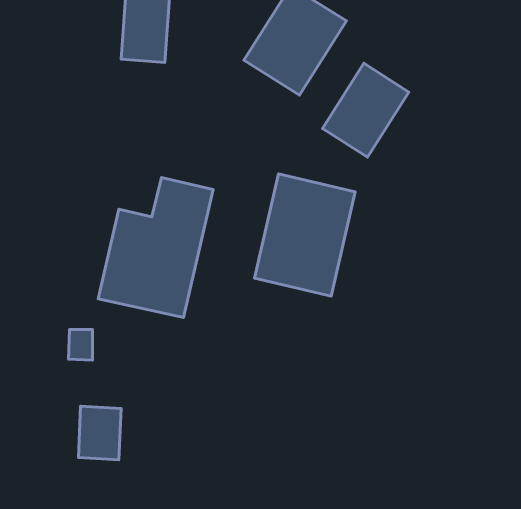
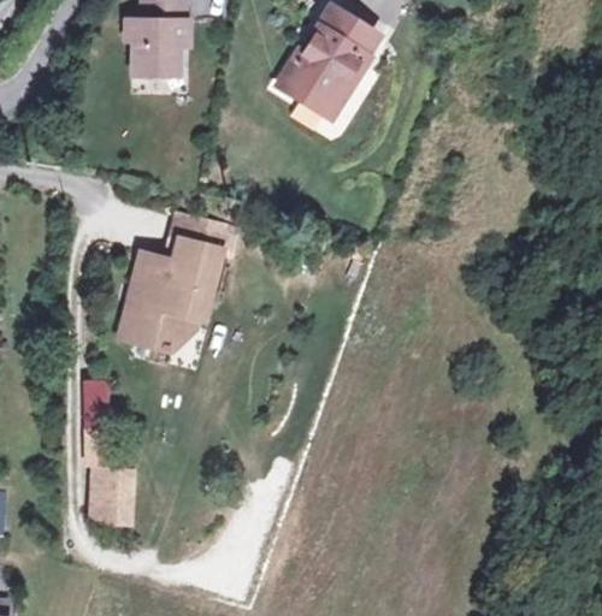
building: [323,63,409,157] -> none
building: [254,174,355,296] -> none

